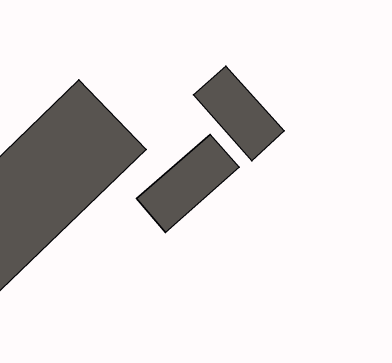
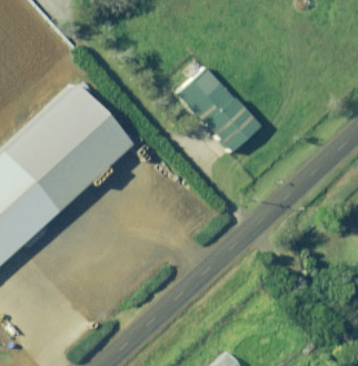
building: [137,135,239,232] -> none

